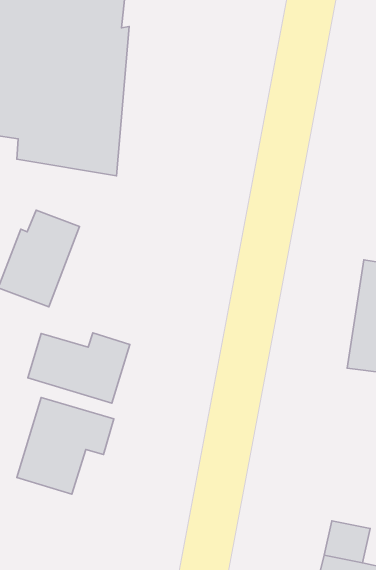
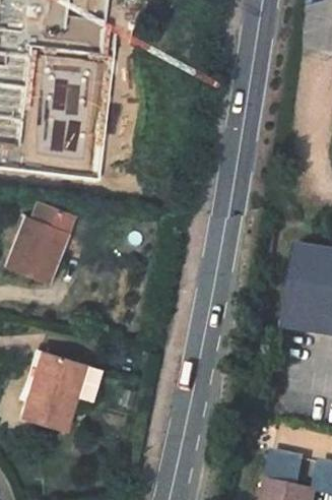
building: [28,333,130,403] -> none

